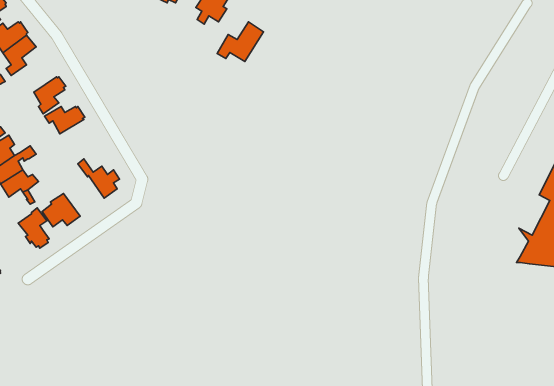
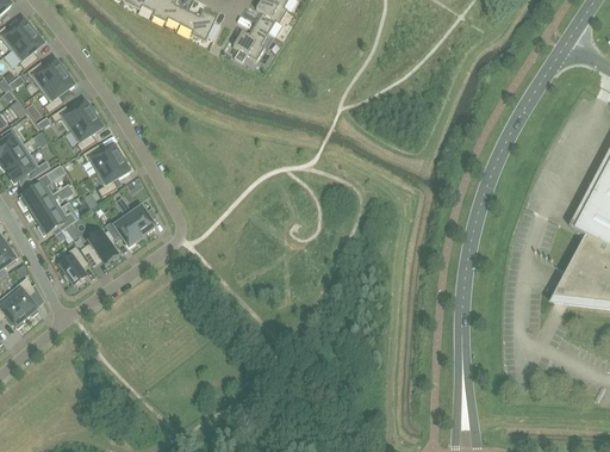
building: [217,22,263,61] -> none
building: none -> [50,99,94,129]
building: none -> [95,155,129,194]
building: none -> [105,211,142,244]

